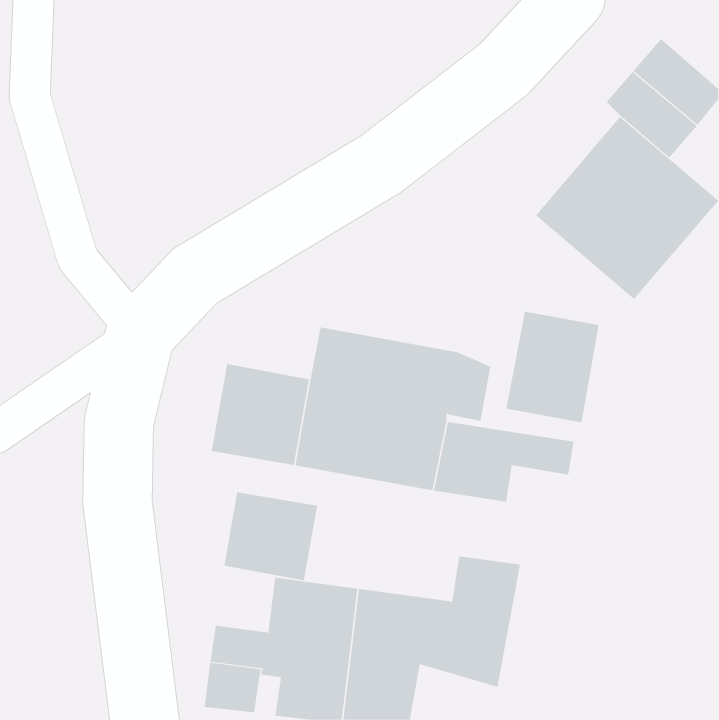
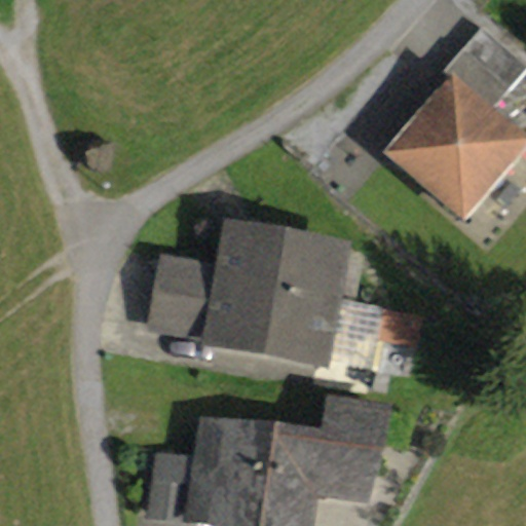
building: [506,311,599,423] -> none
building: [224,491,318,581] -> none

